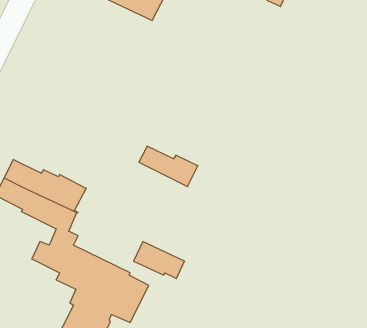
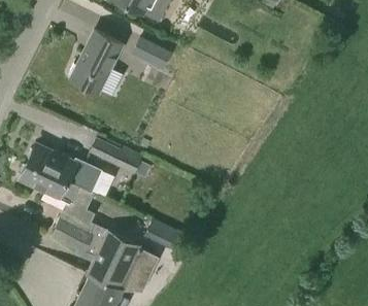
building: none -> [70,31,123,93]
building: none -> [133,39,171,69]
building: [139,146,198,187] -> [91,139,143,175]

